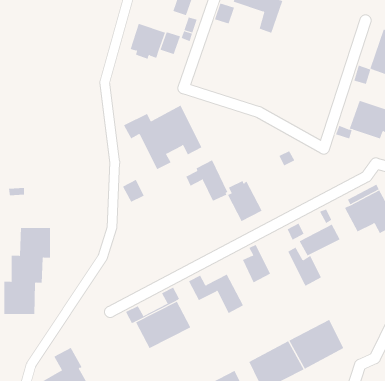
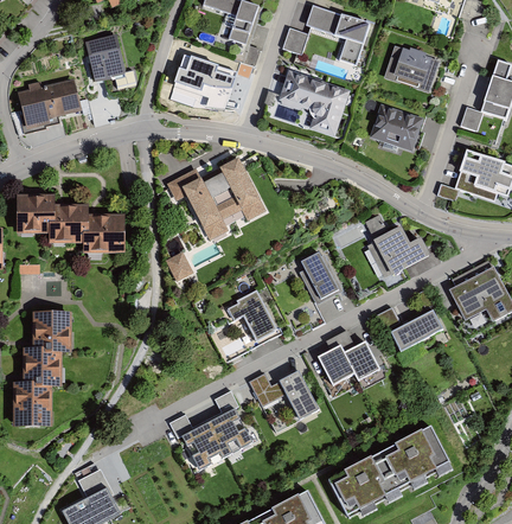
building: none -> [85,34,136,88]
building: none -> [384,45,440,92]
building: none -> [279,70,350,138]
building: none -> [17,78,82,130]
building: none -> [370,103,424,151]
building: none -> [18,194,127,256]
building: [185,160,228,201] -> [223,290,277,344]
building: none -> [373,226,430,277]
building: [287,247,322,287] -> [335,328,379,379]

